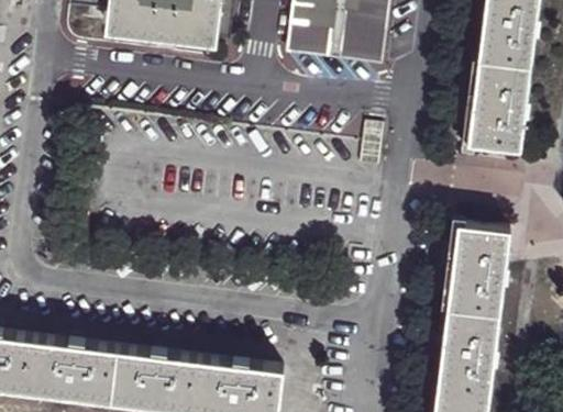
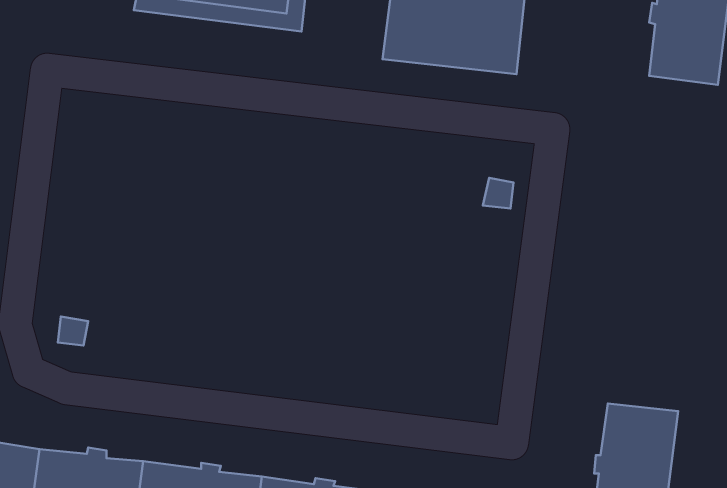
building: [466,74,527,155] -> none
building: [446,232,508,315] -> none

